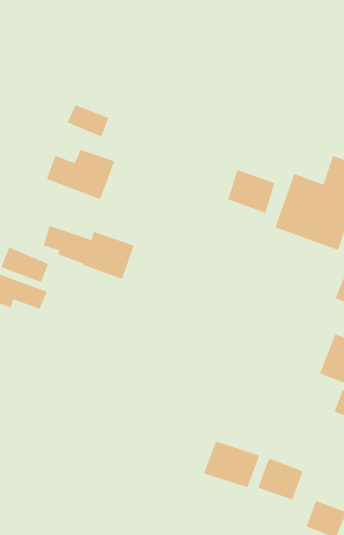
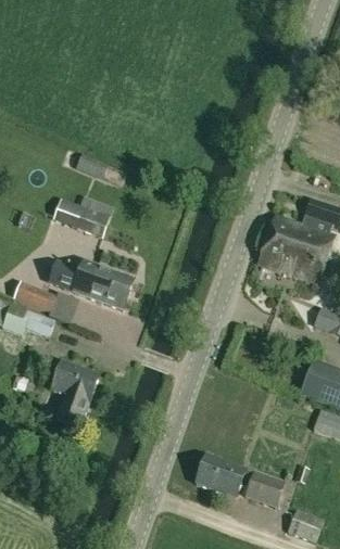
building: [227,169,275,213] -> none
building: none -> [51,361,100,425]

